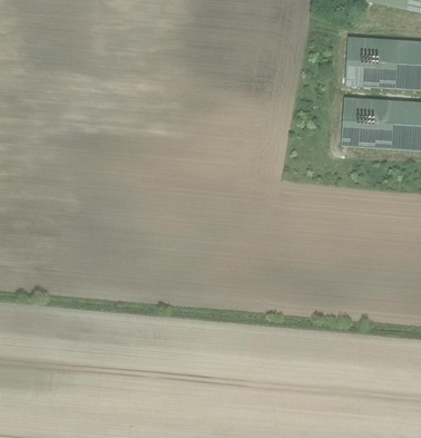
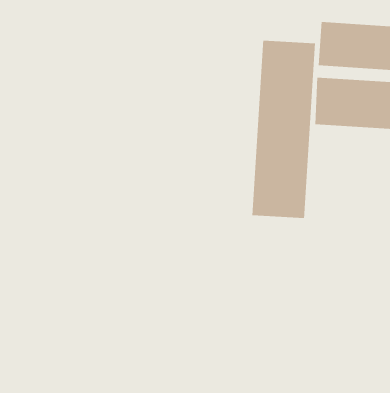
building: none -> [252,40,315,219]

